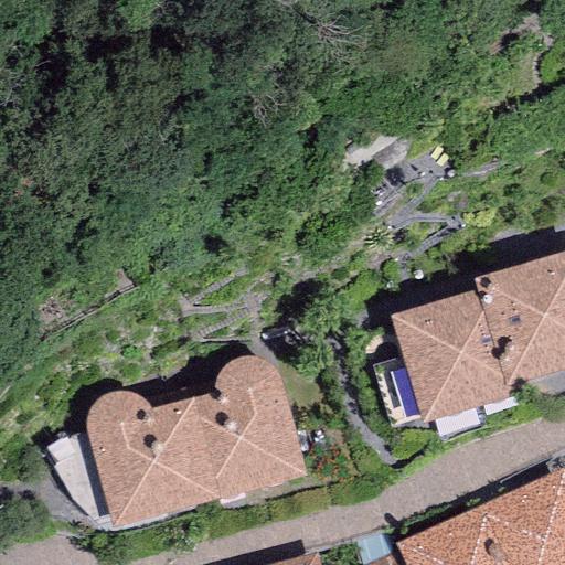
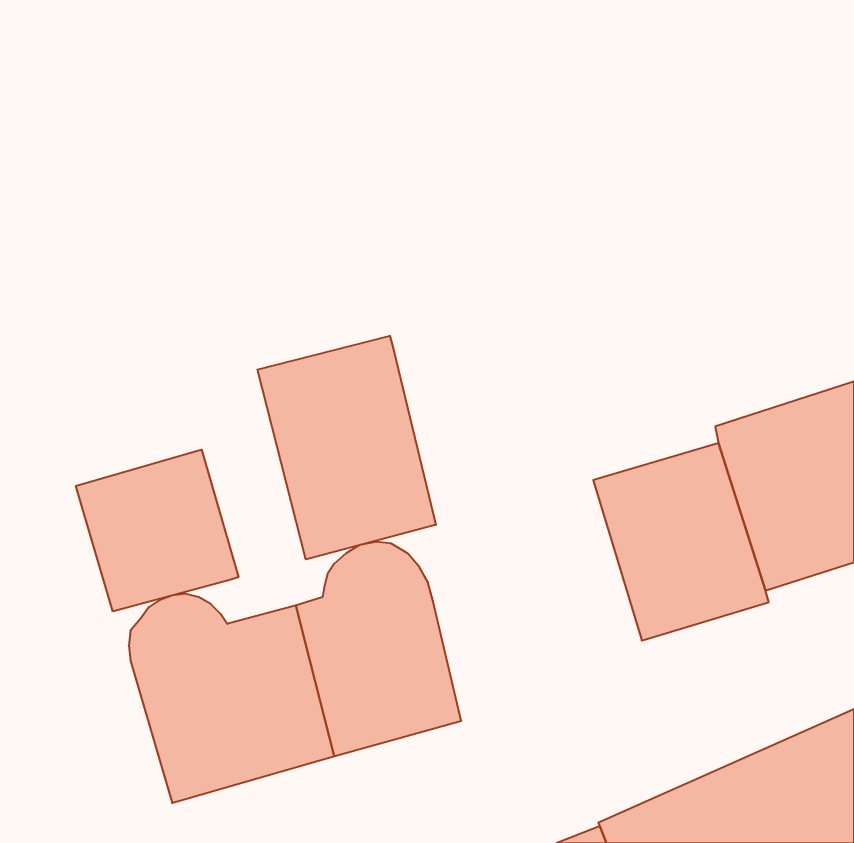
building: none -> [257,336,436,559]
building: none -> [76,450,238,611]

